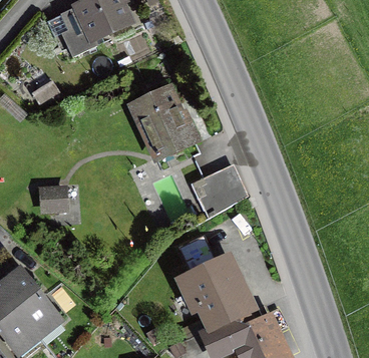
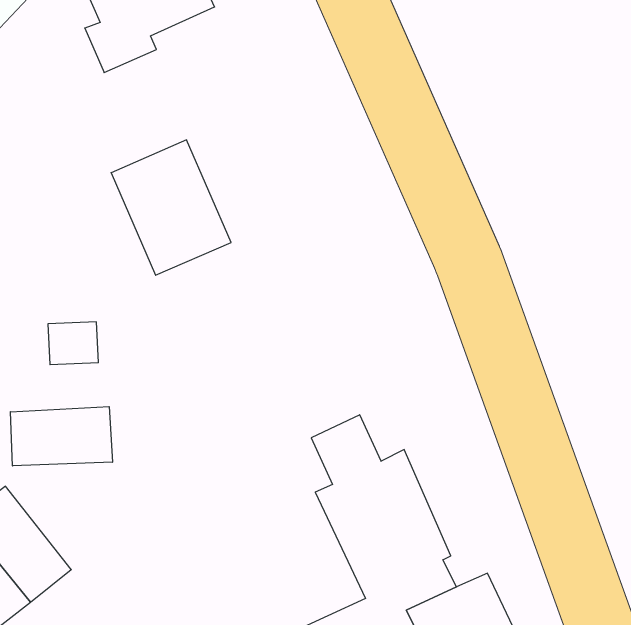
building: [132,85,195,155] -> [111,140,231,275]
building: [198,167,247,212] -> none
building: none -> [10,407,112,466]

